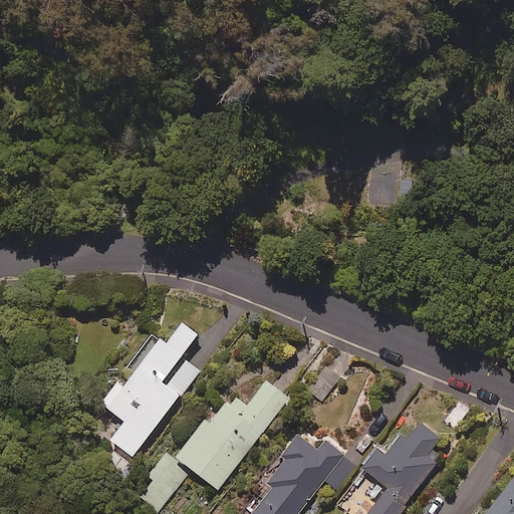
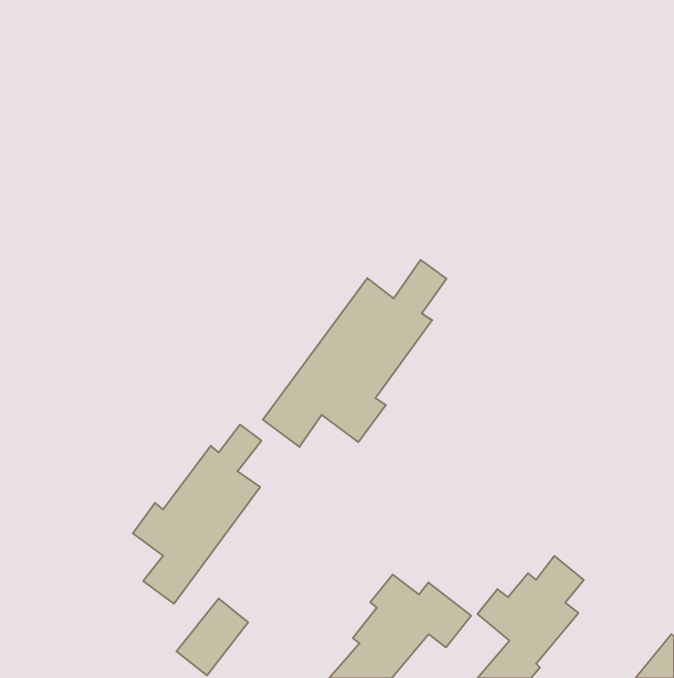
building: none -> [263,260,446,447]
building: [176,380,288,489] -> none

